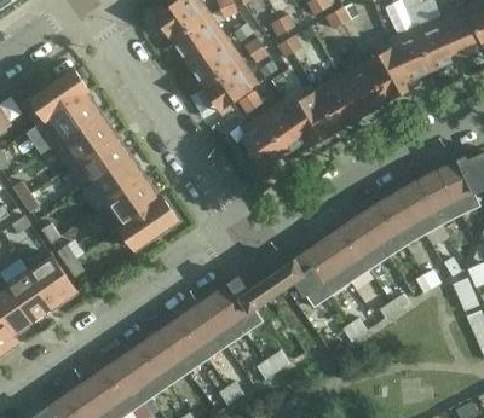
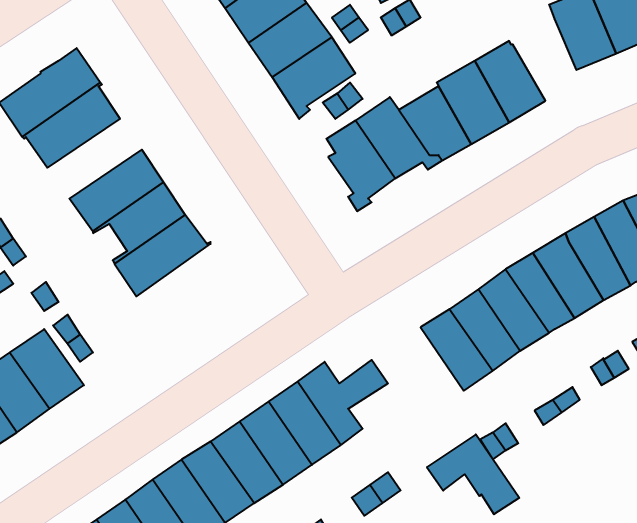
building: [363,47,415,101] -> none
building: [52,114,115,167] -> none
building: [111,197,177,249] -> none
building: [269,252,330,306] -> [427,434,519,514]

